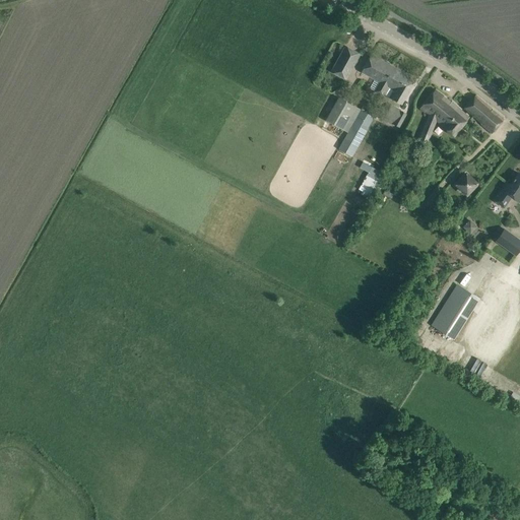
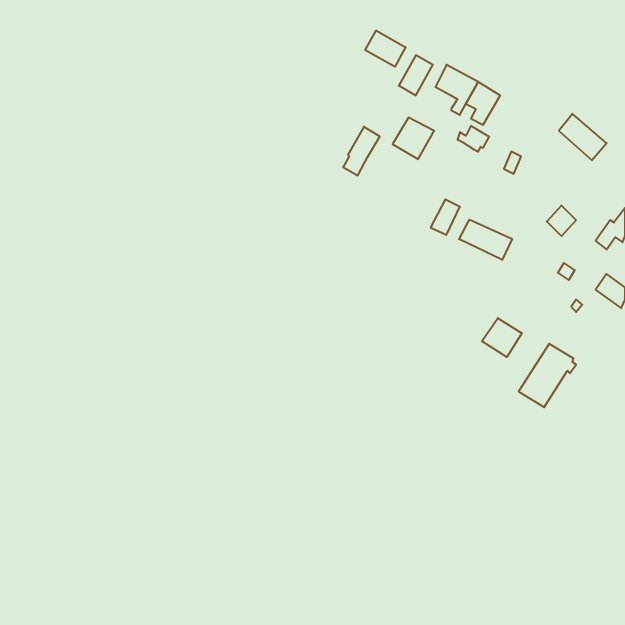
building: none -> [365,31,406,67]
building: [421,90,469,136] -> none
building: [343,109,374,149] -> [343,127,380,176]
building: none -> [459,220,512,260]
building: none -> [482,318,522,357]

